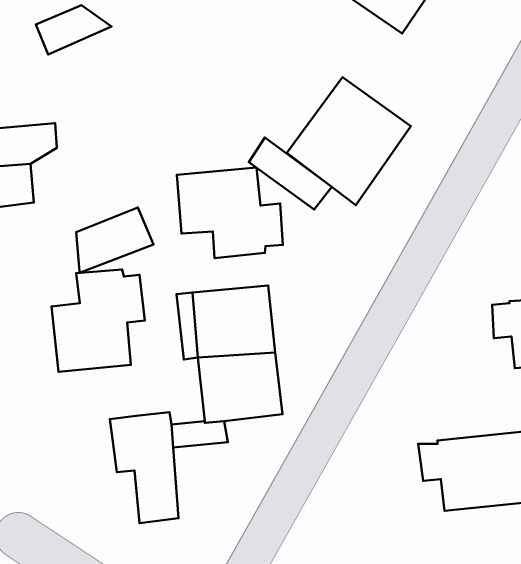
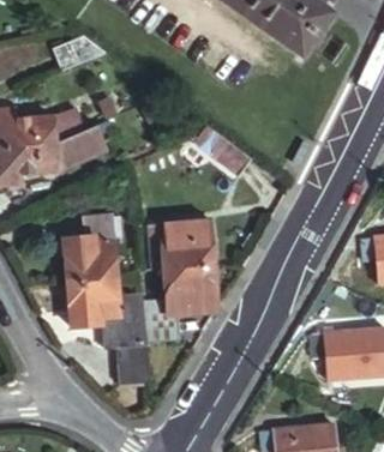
building: [287,77,411,205] -> none
building: [177,168,283,258] -> none
building: [76,208,154,273] -> [48,126,101,170]
building: none -> [67,279,120,329]

